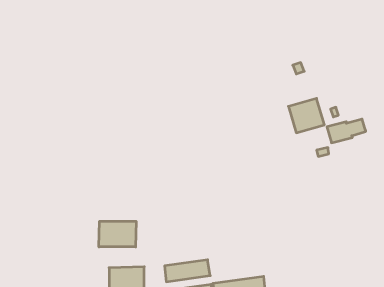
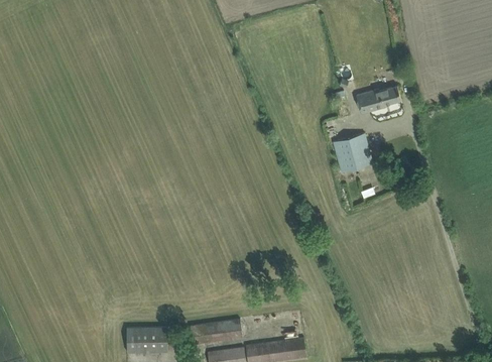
building: [327,119,366,143] -> [356,86,400,113]
building: [99,221,136,247] -> none

